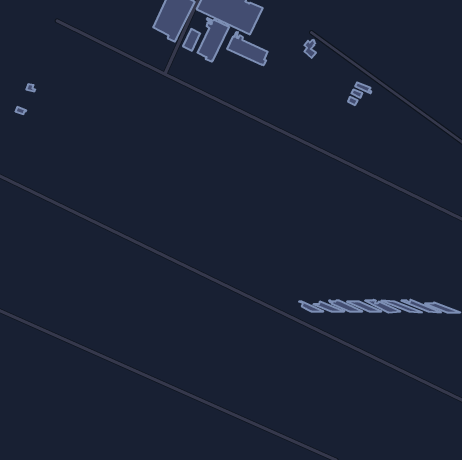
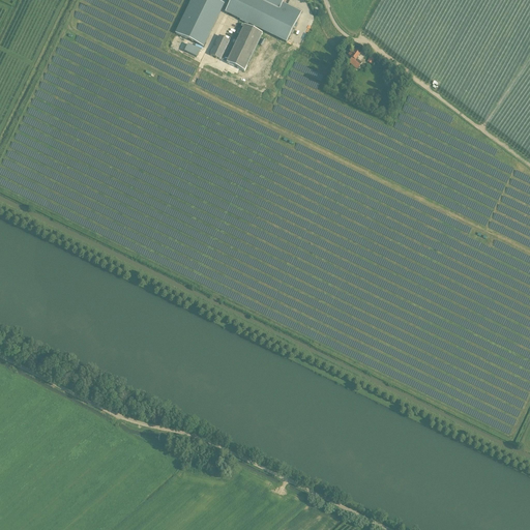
building: [227,32,268,65] -> none

